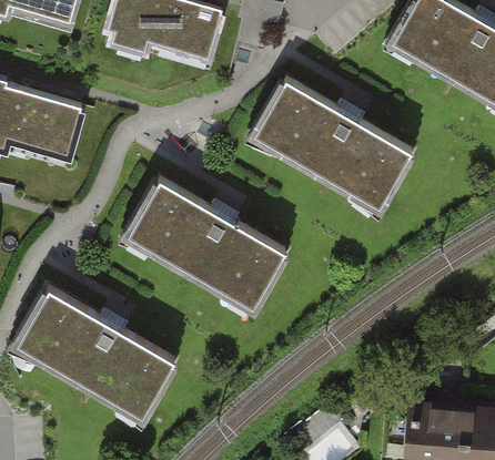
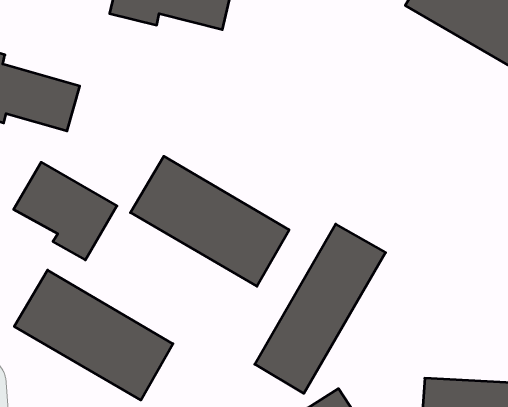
building: [254,82,407,207] -> none
building: none -> [14,162,117,260]
building: none -> [255,224,386,393]

